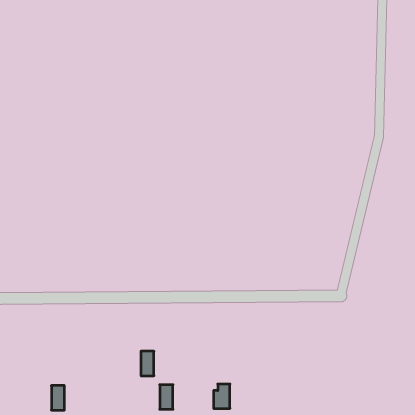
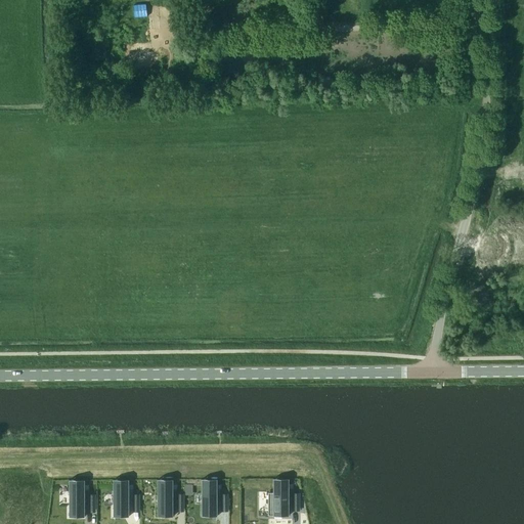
building: [141,351,154,376] -> [158,483,174,514]
building: none -> [113,483,129,515]

